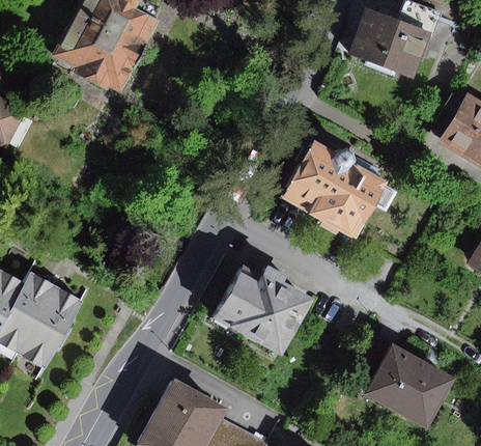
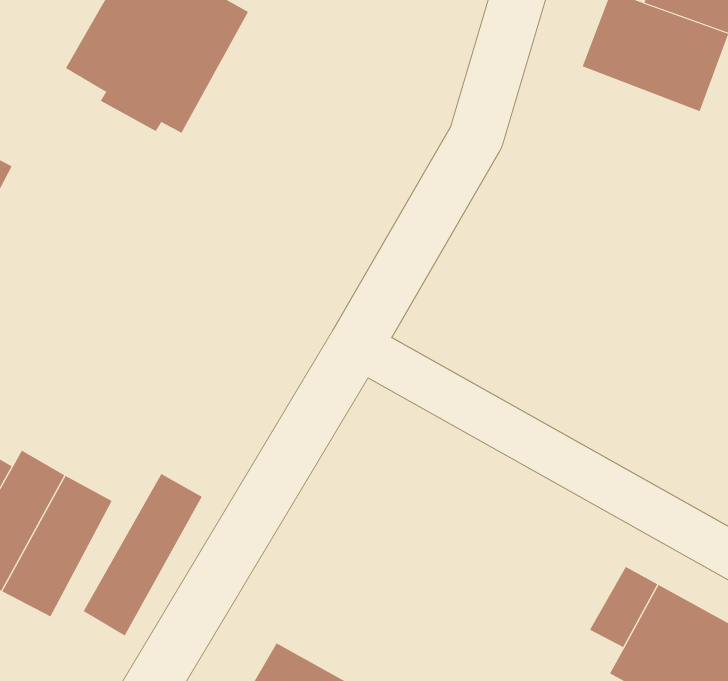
building: [283,142,387,238] -> none
building: [210,263,305,353] -> none
building: none -> [83,473,203,636]

